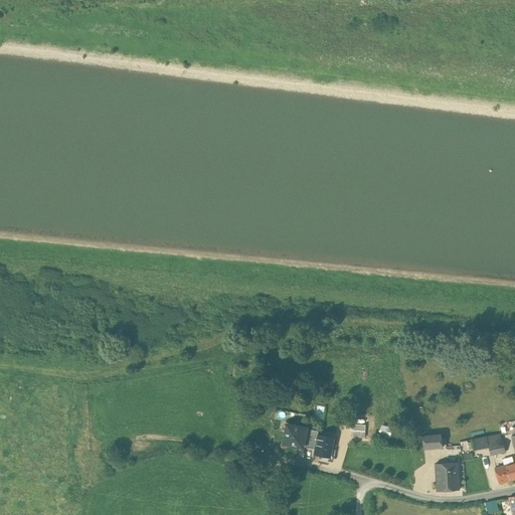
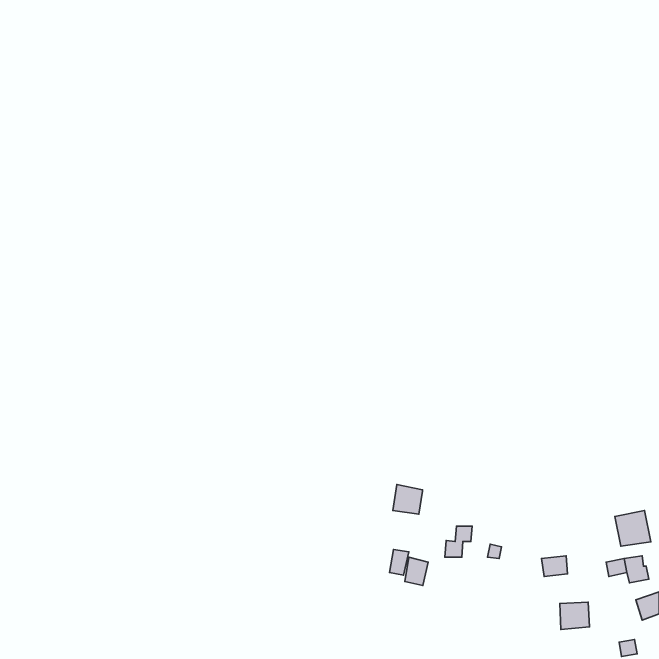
building: none -> [615,510,651,546]
building: [284,423,307,447] -> [393,485,423,514]

